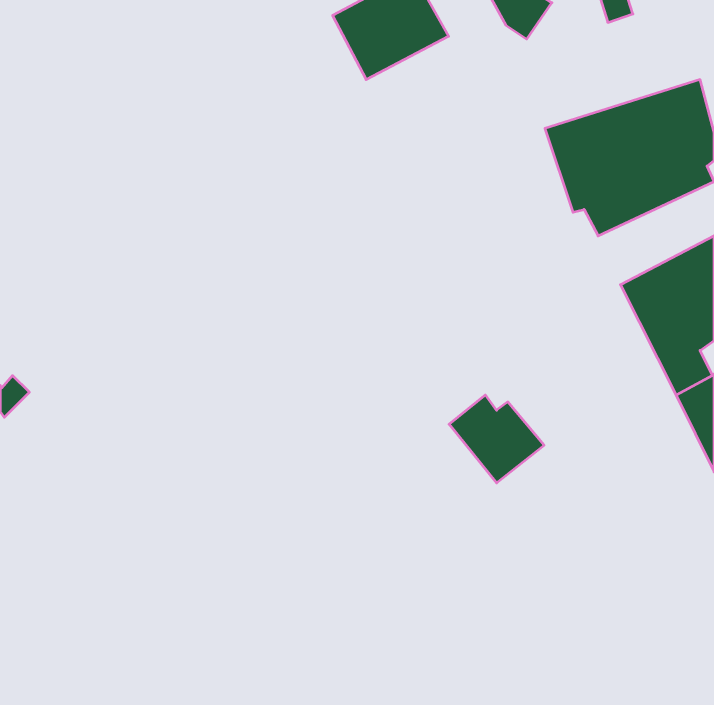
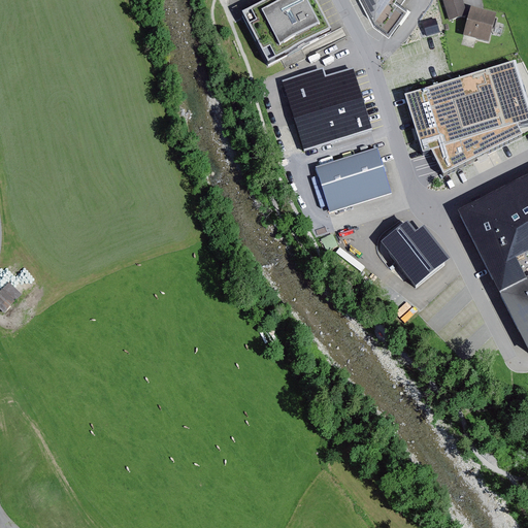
building: none -> [464,4,497,40]
building: none -> [284,64,373,146]
building: none -> [316,145,391,209]
building: [449,395,544,483] -> [381,220,451,285]

